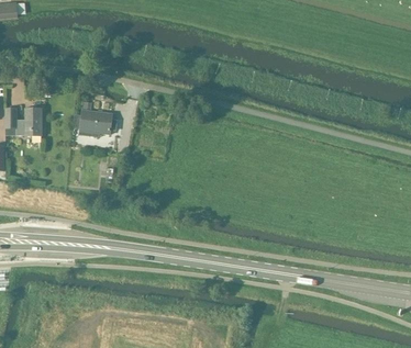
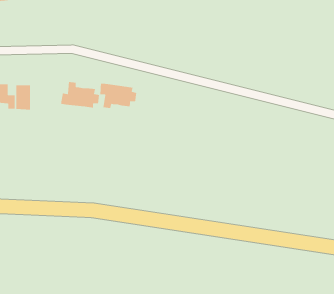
building: none -> [100,83,137,109]

